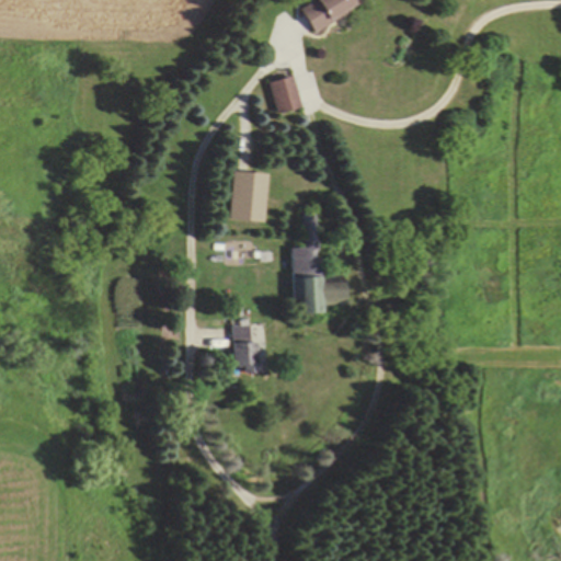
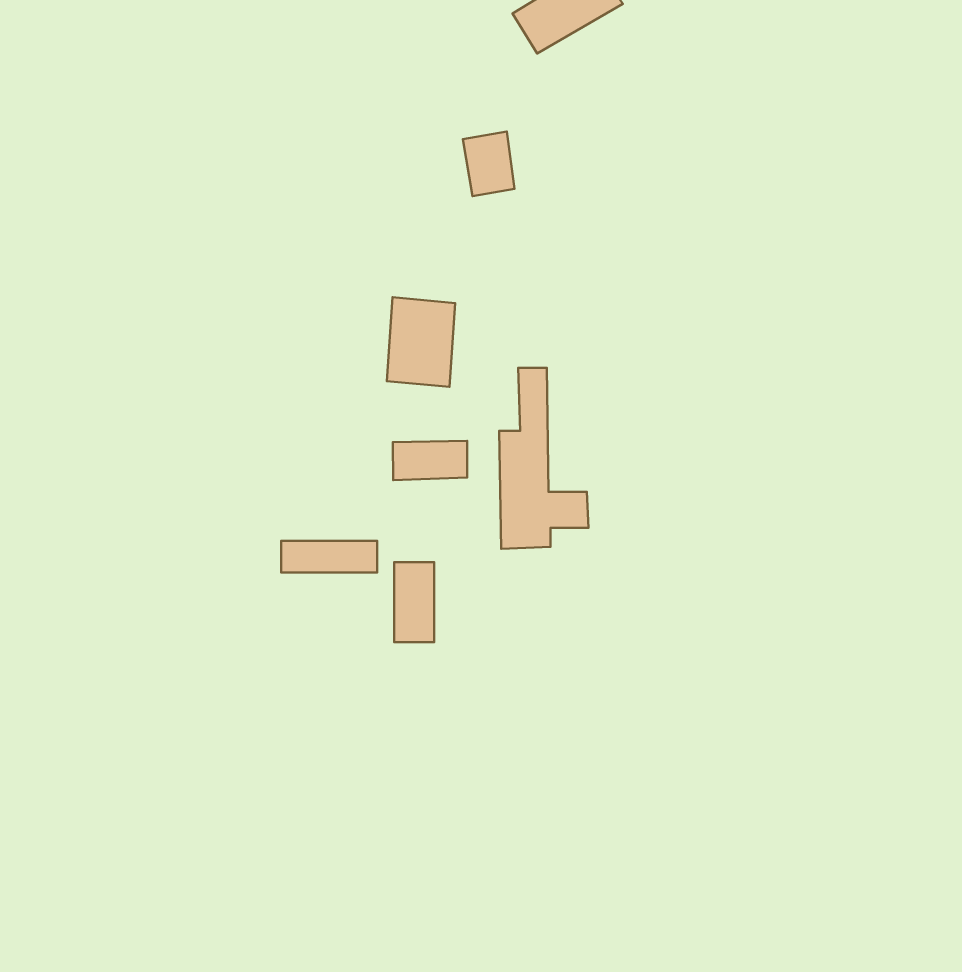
building: none -> [393,441,467,480]
building: none -> [281,541,377,572]

